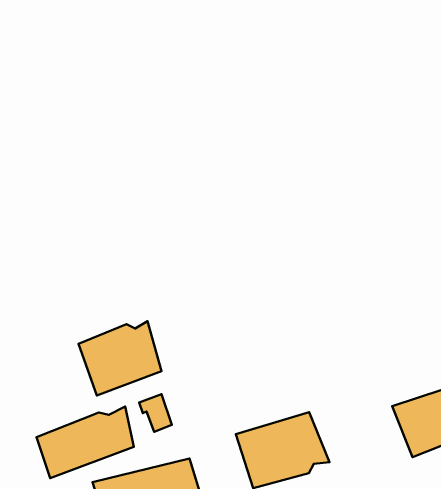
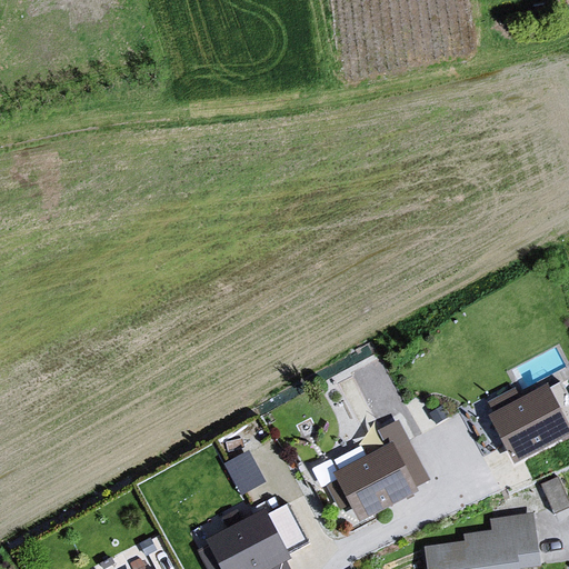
building: [79,321,161,396] -> none
building: [37,406,134,478] -> none

